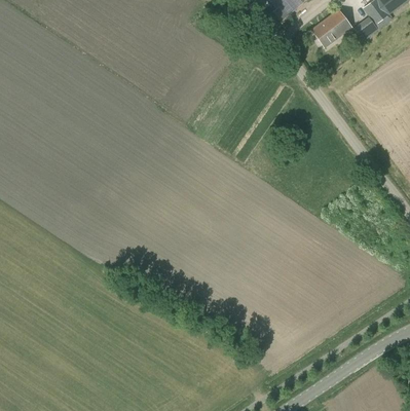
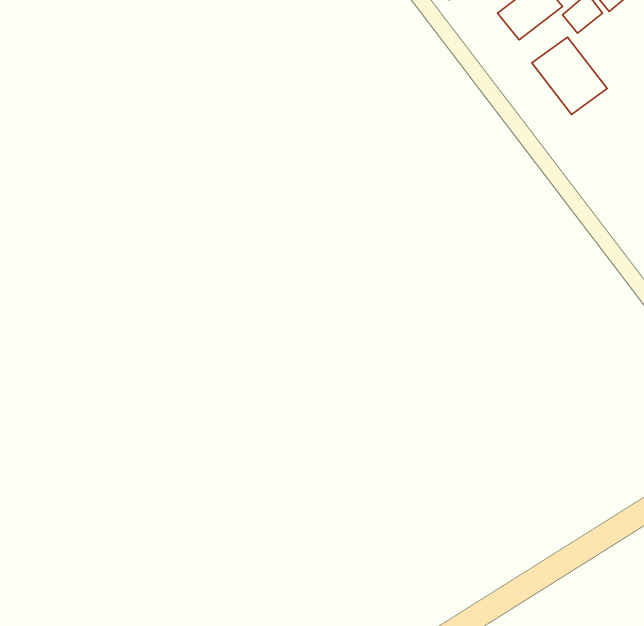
building: none -> [532,37,607,114]

